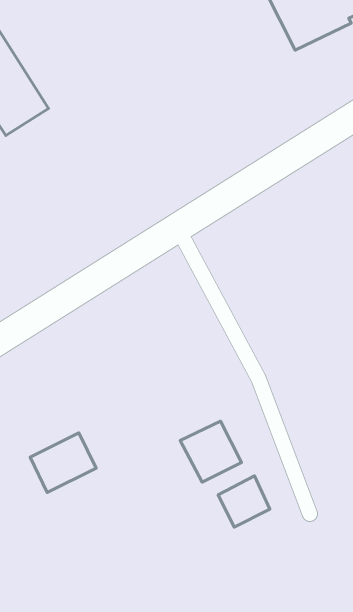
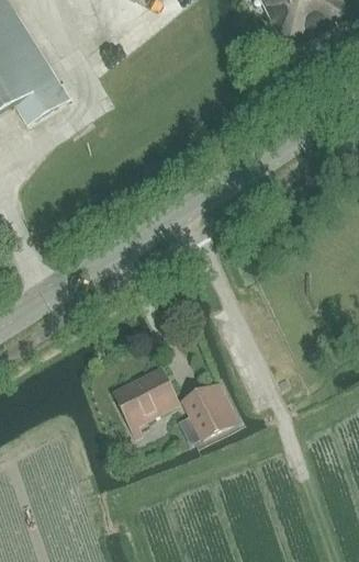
building: [30,433,96,493] -> [115,369,175,423]
building: [218,476,270,527] -> none

